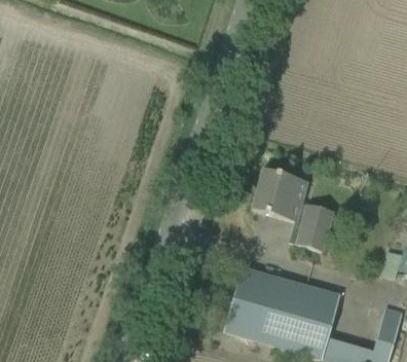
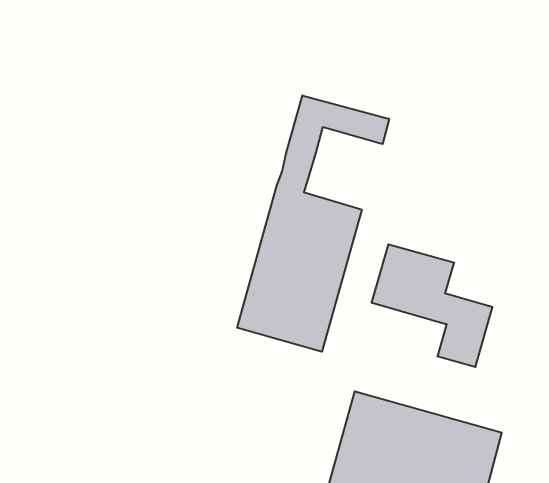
building: none -> [237,95,389,352]

